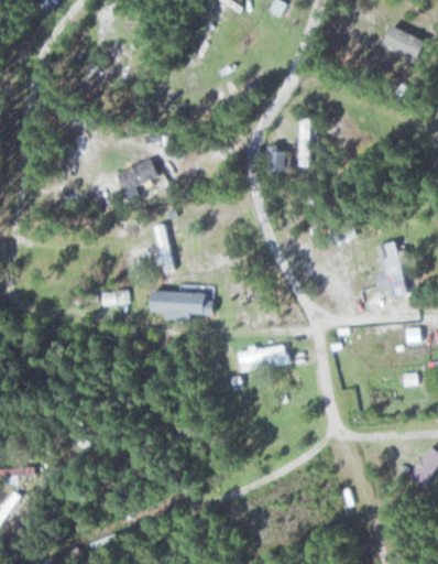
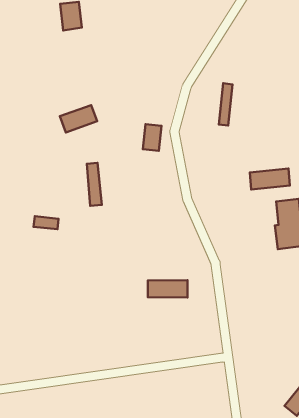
building: [267,145,286,174] -> [143,124,162,151]
building: none -> [250,169,290,189]
building: [151,290,210,318] -> none

